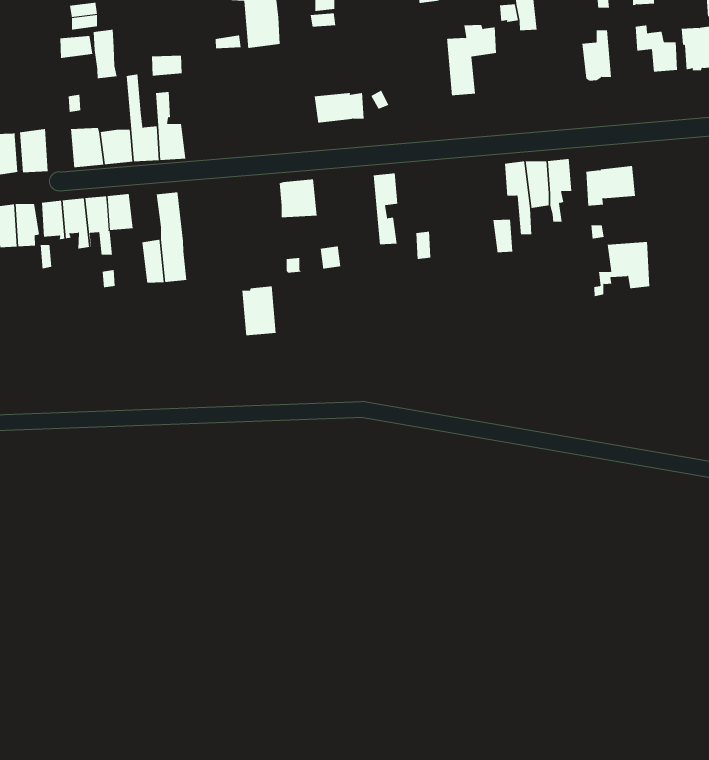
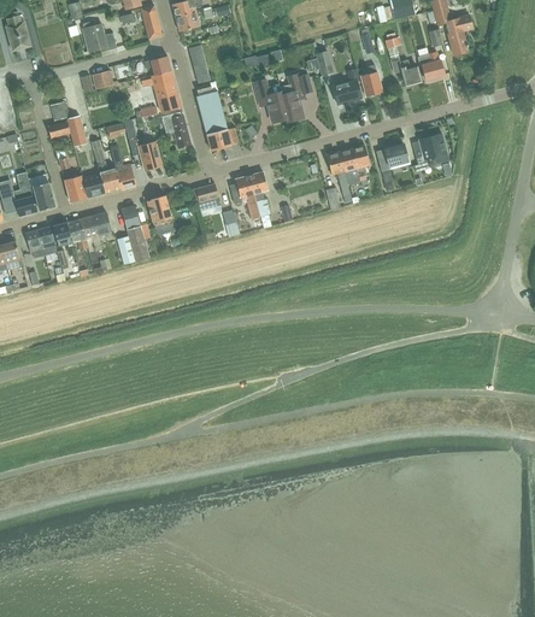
building: none -> [254,78,288,121]
building: none -> [196,90,228,134]
building: none -> [333,67,360,104]
building: none -> [161,111,192,147]
building: none -> [129,137,161,169]
building: none -> [230,175,260,218]
building: [594,242,650,297] -> [415,133,448,171]
building: [241,286,276,336] -> [147,195,172,228]

